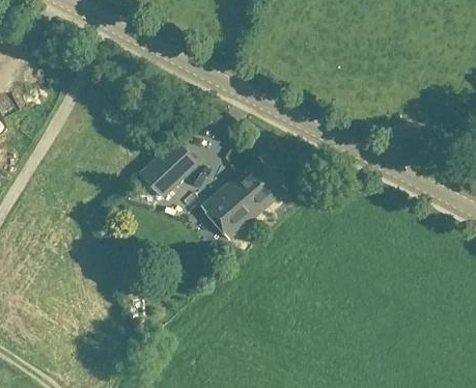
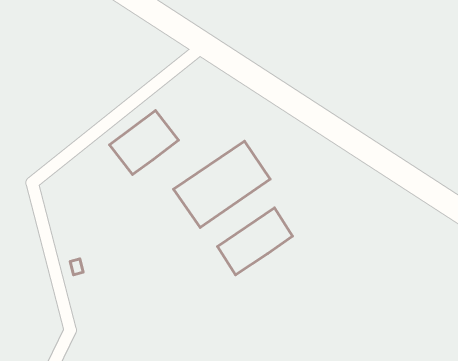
building: none -> [217,208,293,275]

